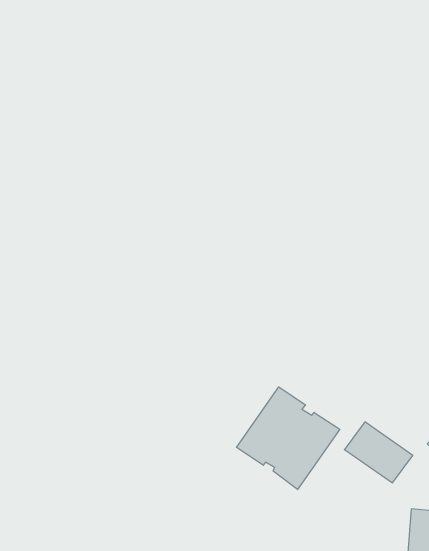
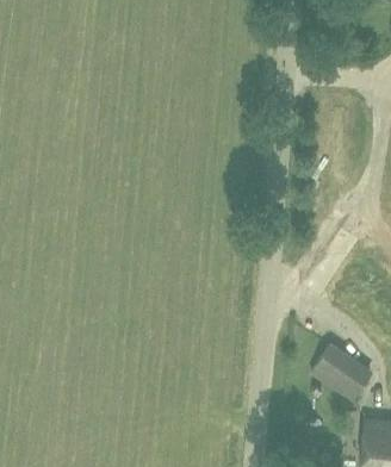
building: [237,387,340,490] -> none

